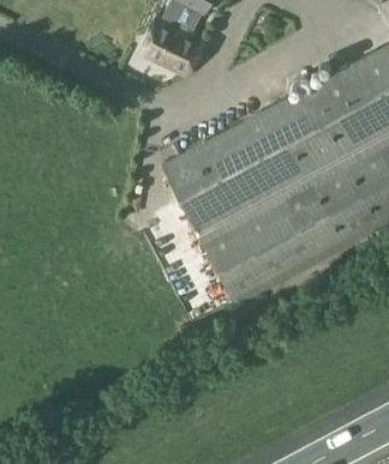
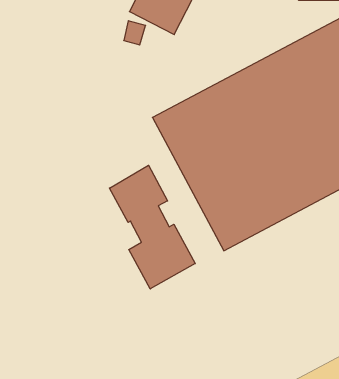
building: none -> [109,165,195,289]

